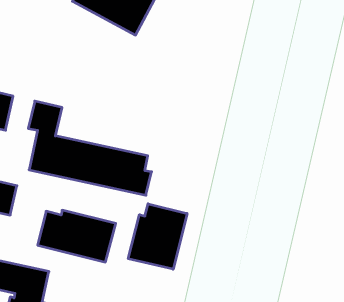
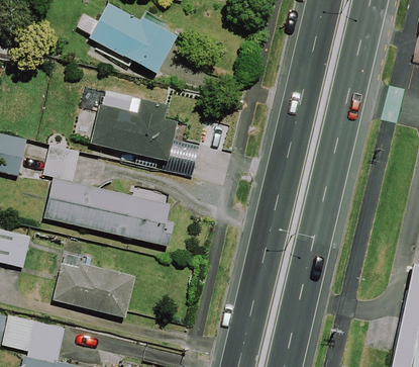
building: none -> [91,90,200,176]
building: [128,204,187,269] -> none

